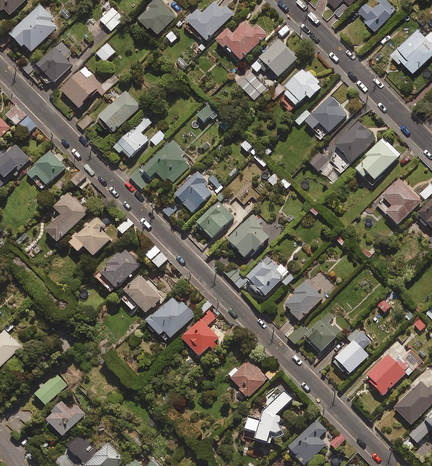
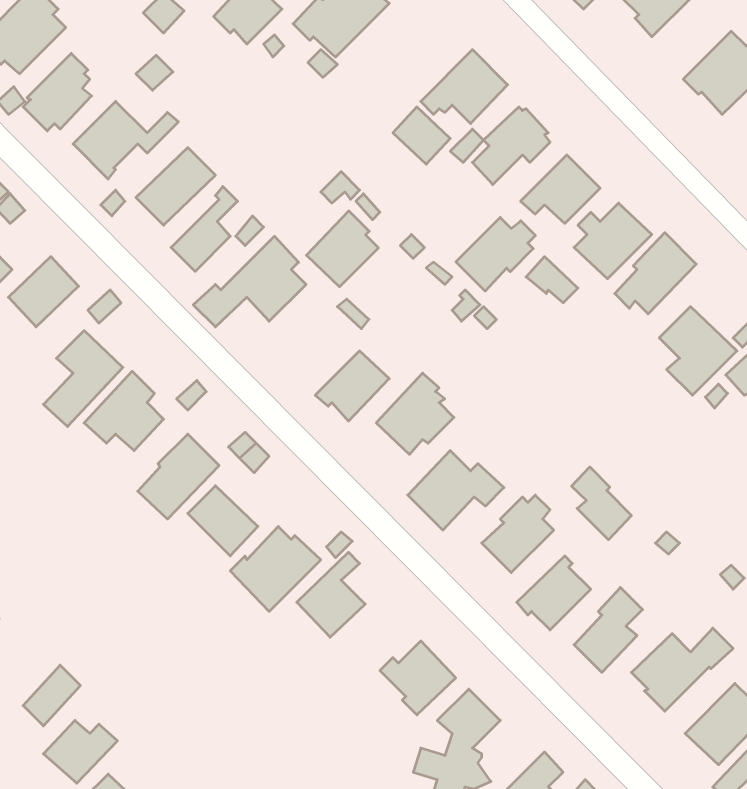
building: [214,21,266,61] -> none
building: none -> [456,217,535,291]
building: [173,171,212,212] -> [306,211,378,287]
building: none -> [572,467,631,540]

